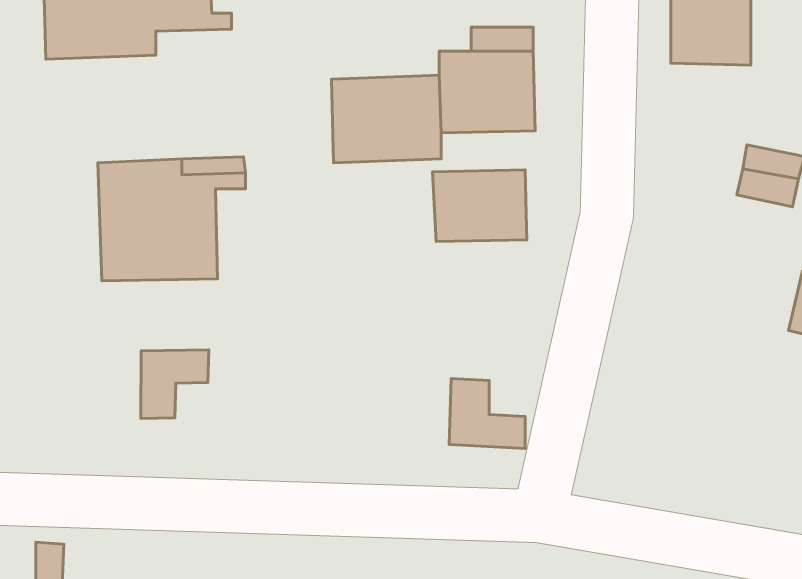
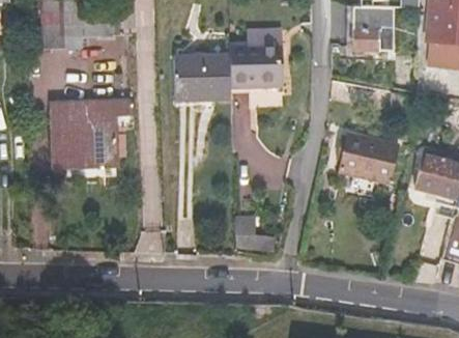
building: [432,170,527,242] -> none
building: none -> [339,135,399,184]
building: [141,350,209,418] -> none

